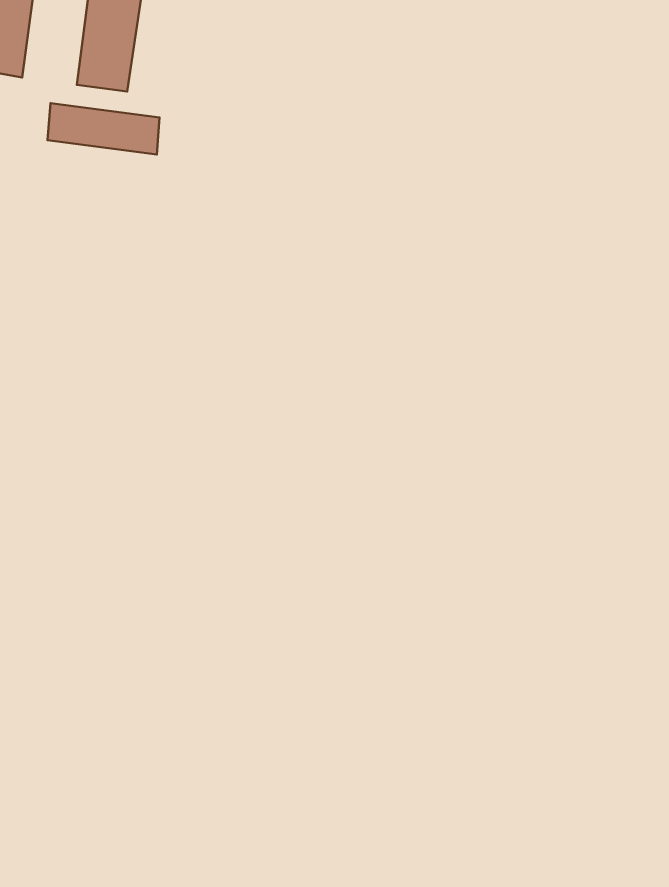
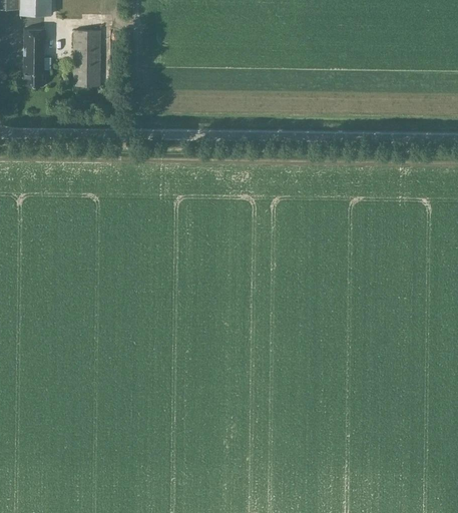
building: [48,103,160,154] -> none

